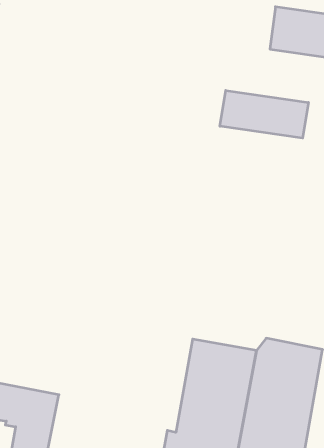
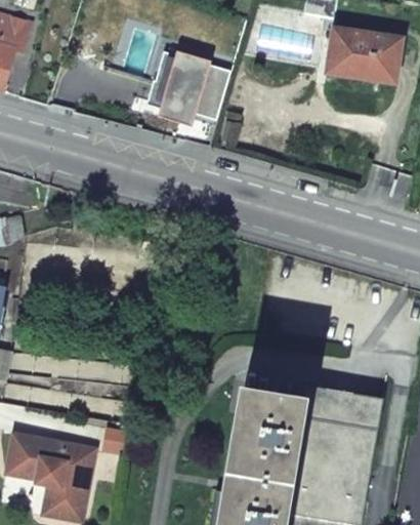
building: none -> [149,49,230,123]
building: [220,90,308,138] -> none

